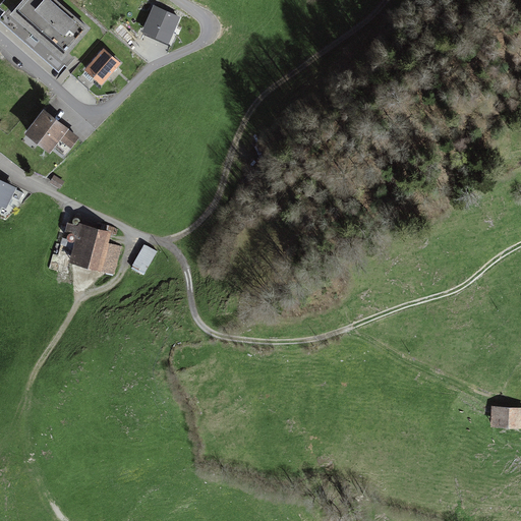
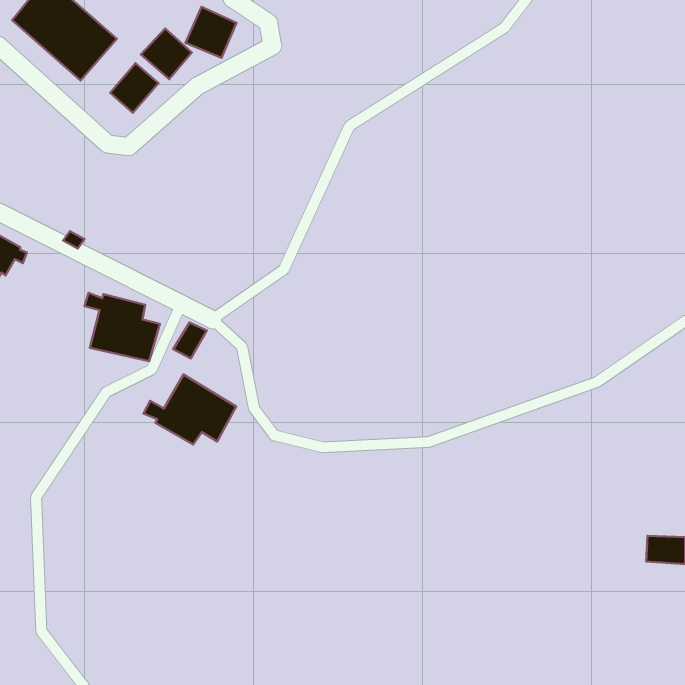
building: none -> [141,29,192,79]
building: [23,110,78,154] -> none
building: none -> [144,375,236,445]

